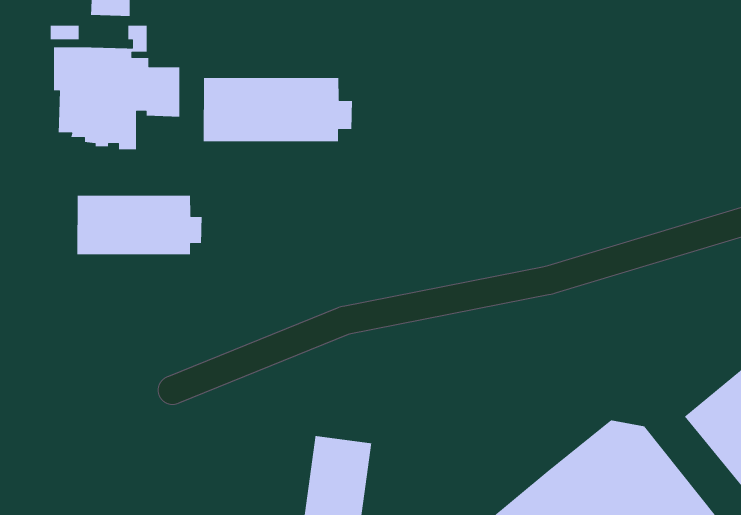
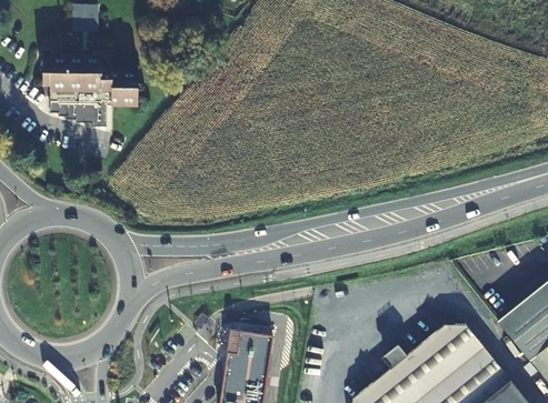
building: [203,77,353,142] -> none
building: [77,195,202,255] -> none

